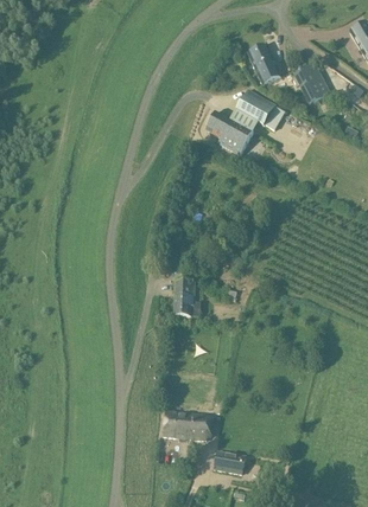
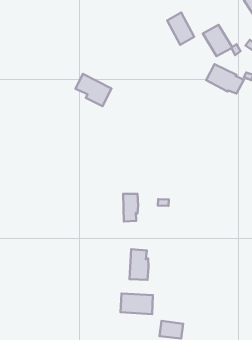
building: [236,89,286,129] -> [206,64,244,94]
building: [205,110,253,154] -> [76,74,111,106]
building: none -> [130,249,149,280]

